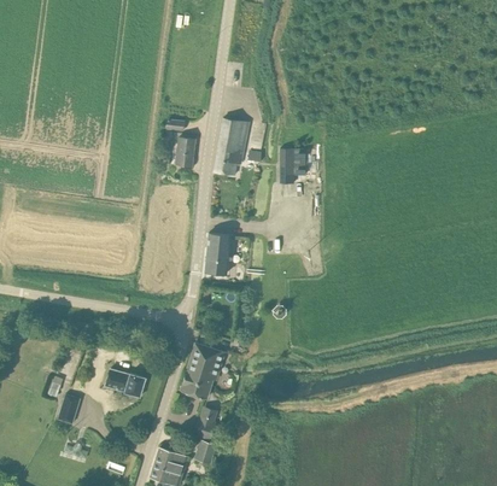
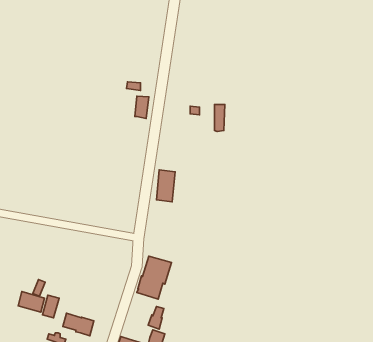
building: [215,119,251,176] -> none
building: [106,369,146,398] -> [63,313,94,336]
building: none -> [18,292,45,312]

